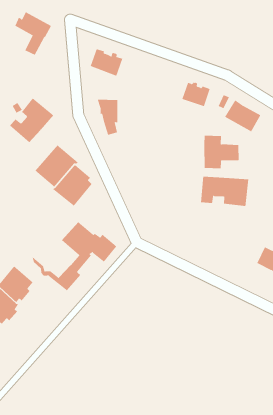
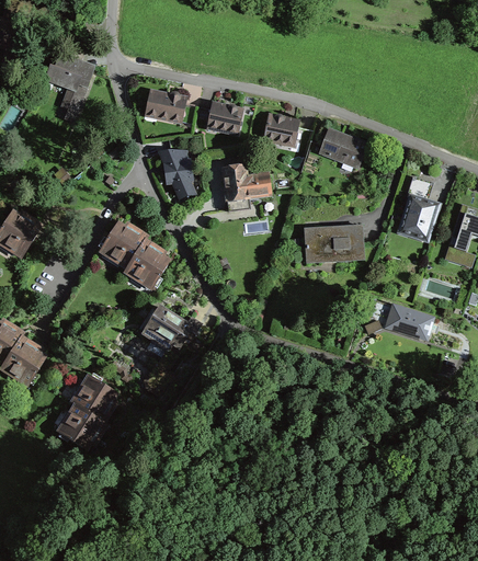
building: none -> [207,103,241,133]
building: [9,98,54,143] -> none
building: [203,135,239,169] -> [223,167,271,209]

